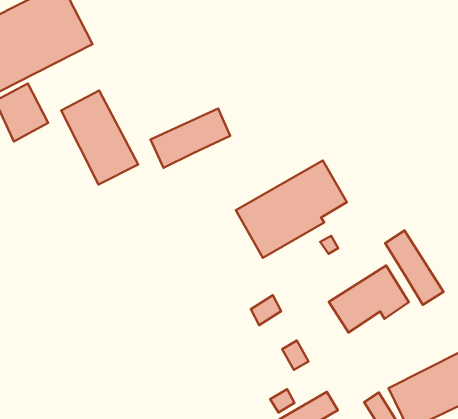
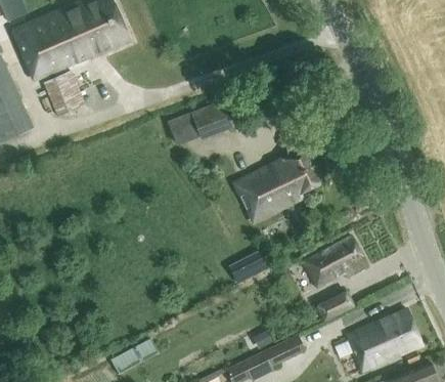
building: [61,90,138,185] -> none
building: [385,230,443,305] -> none
building: none -> [317,291,353,320]

